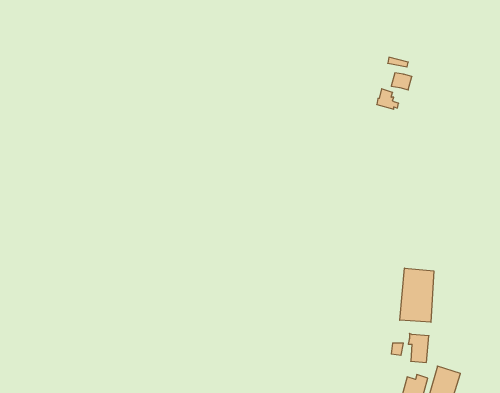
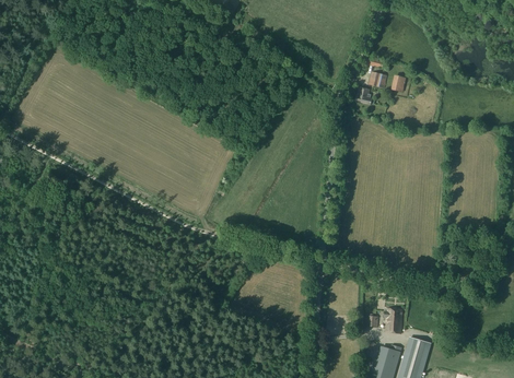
building: [400,268,434,322] -> none

